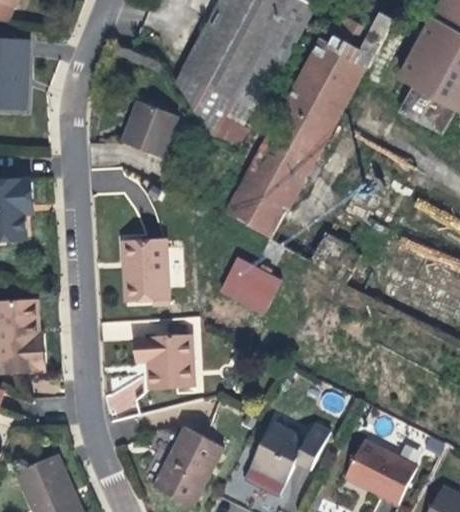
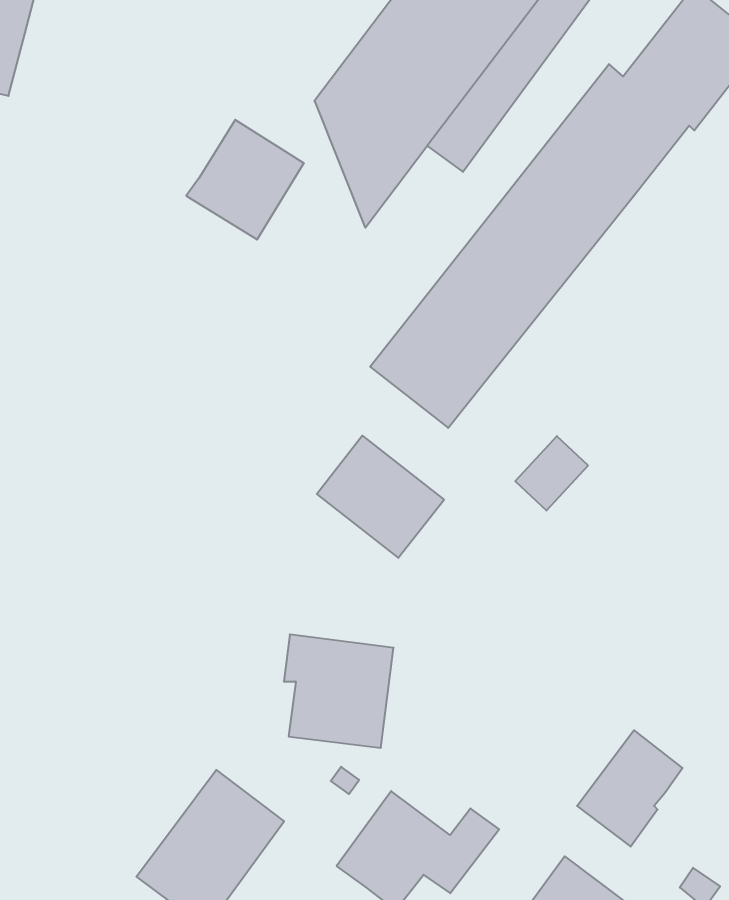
building: [123,237,169,299] -> none
building: [135,336,190,389] -> [284,634,394,748]
building: none -> [577,730,683,847]

